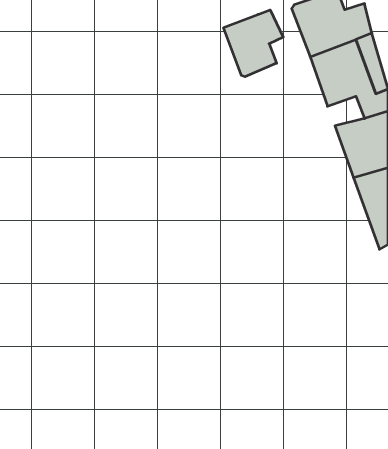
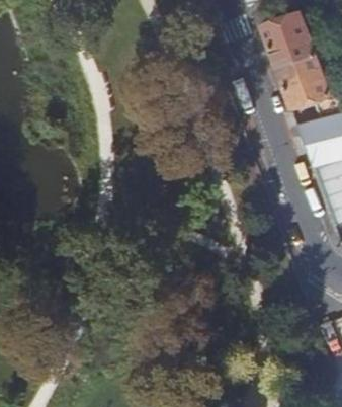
building: [224,10,283,77] -> none

